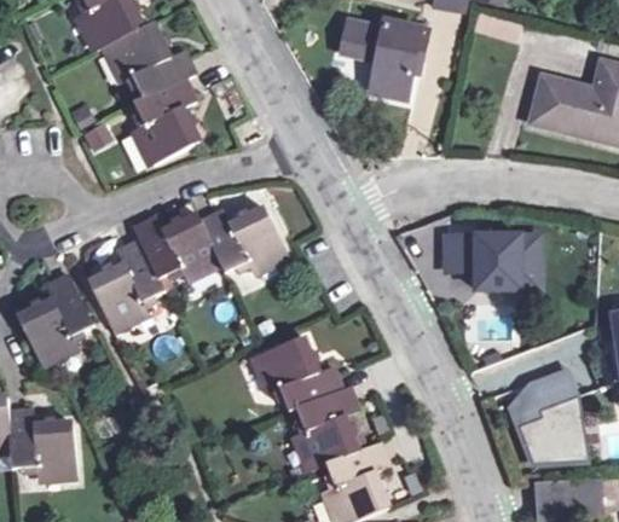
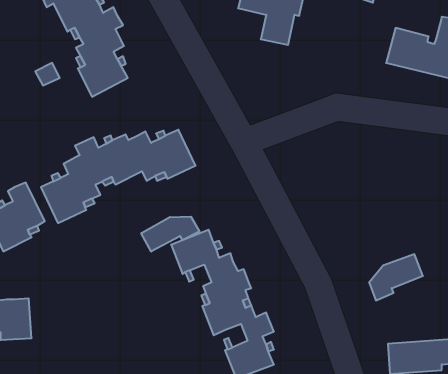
building: [445,236,539,290] -> none
building: none -> [141,217,199,252]
building: [517,395,588,464] -> none

